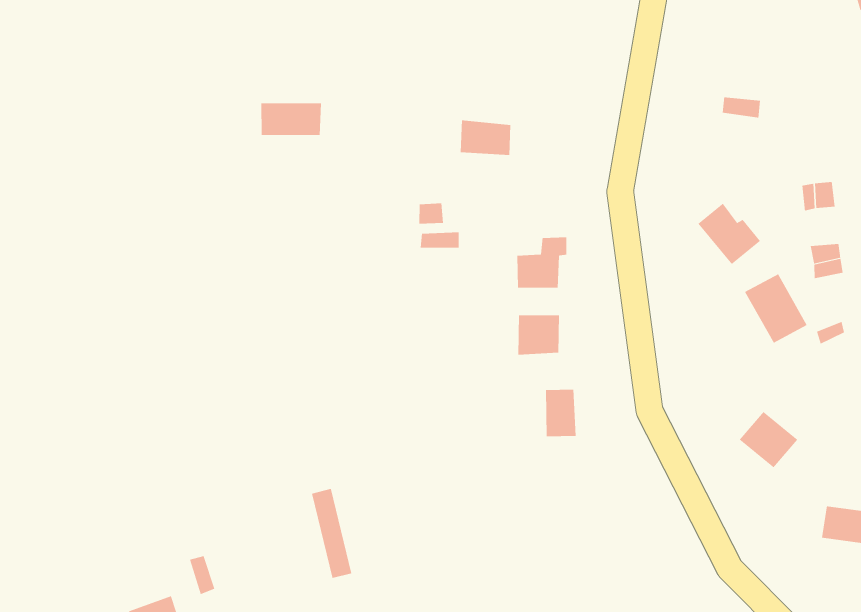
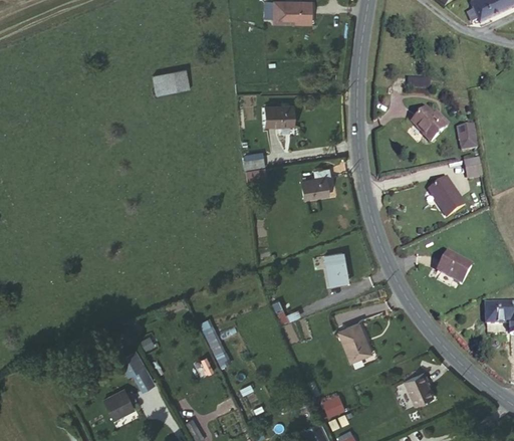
building: [261,103,322,136] -> [156,70,191,91]
building: [698,203,761,265] -> [409,108,445,143]
building: [518,314,559,355] -> none
building: none -> [342,325,371,363]

